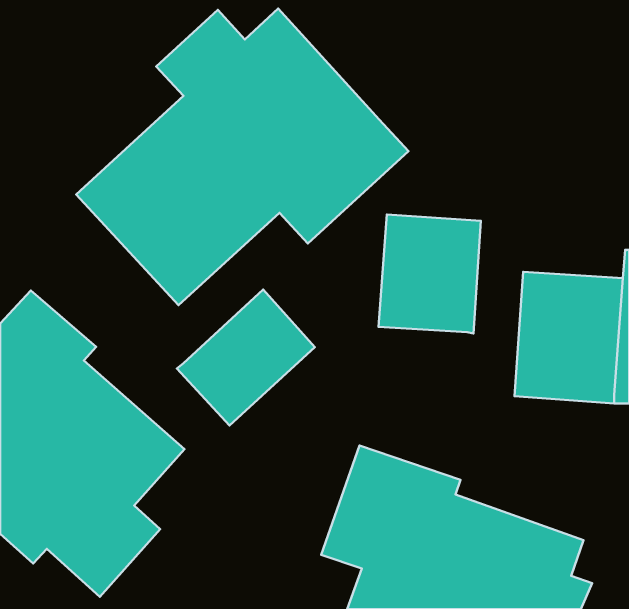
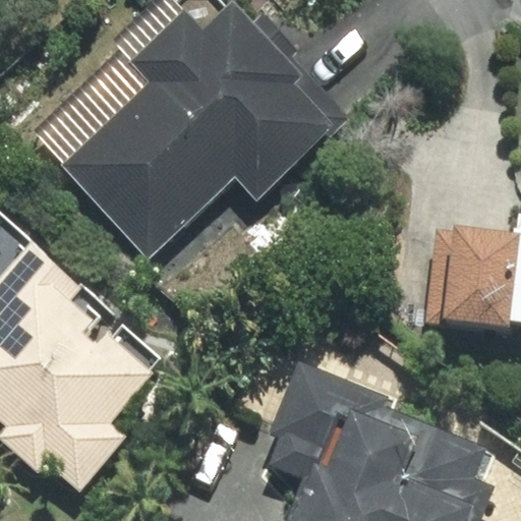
building: [379,215,481,333] -> none
building: [177,290,315,425] -> none

